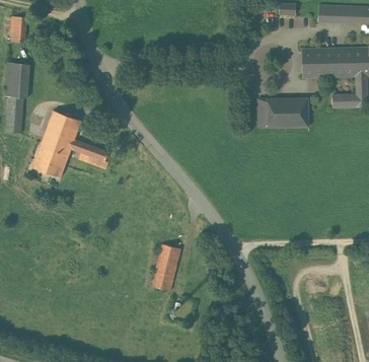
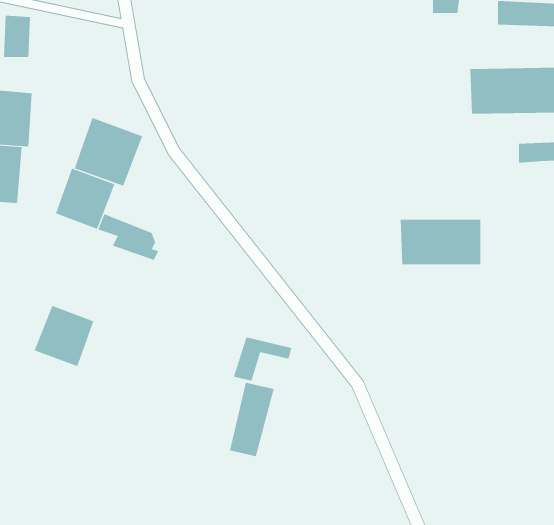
building: none -> [74,117,143,187]
building: [257,96,308,125] -> [400,219,481,265]
building: [32,137,70,175] -> [34,305,94,367]
building: none -> [233,337,292,382]

